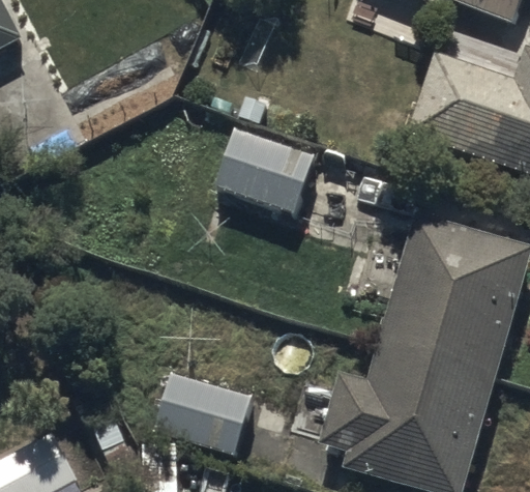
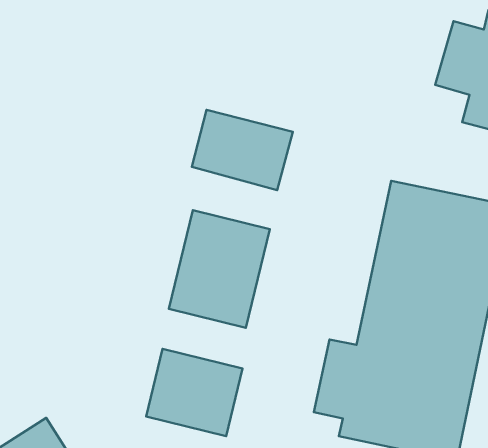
building: none -> [169,210,270,328]

